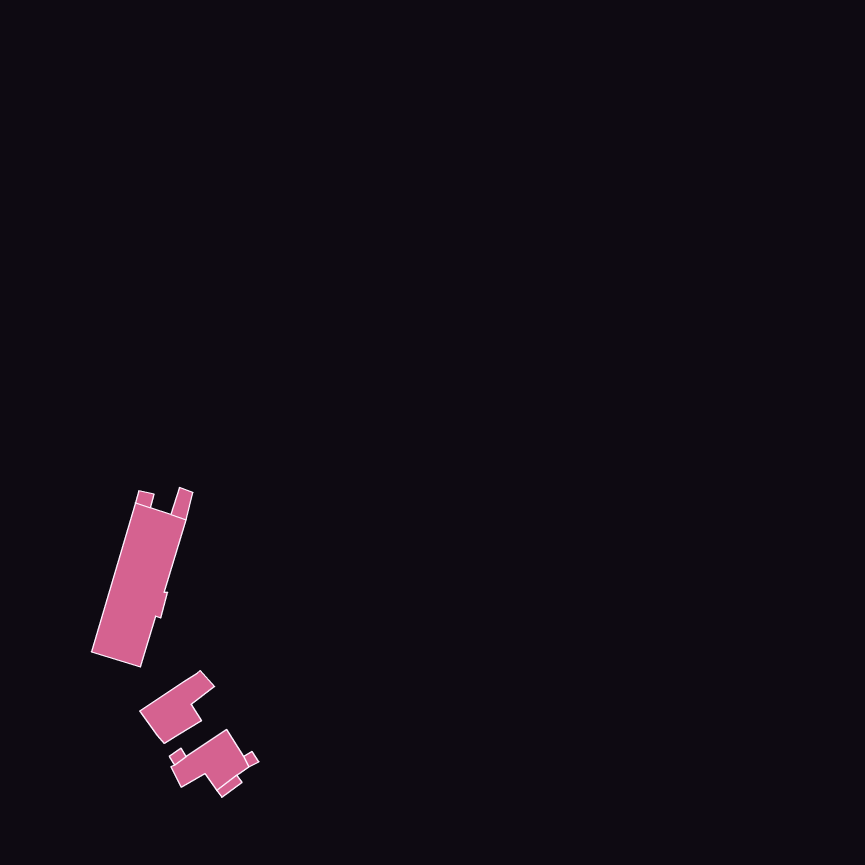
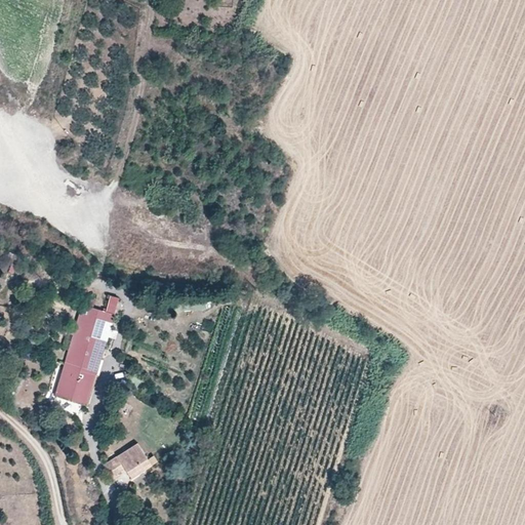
building: [140,671,215,743] -> none

